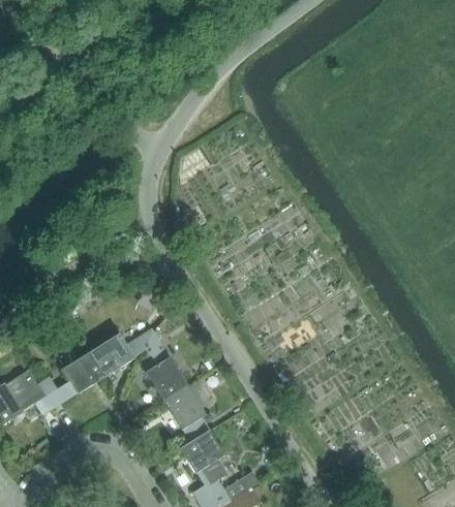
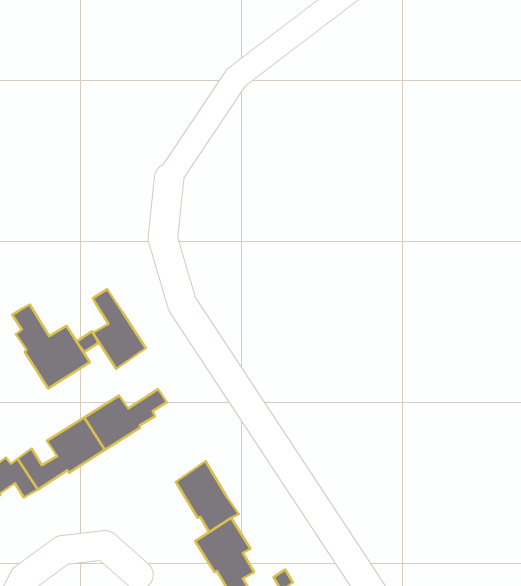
building: none -> [12,304,90,389]
building: [146,337,188,401] -> [93,289,146,369]

